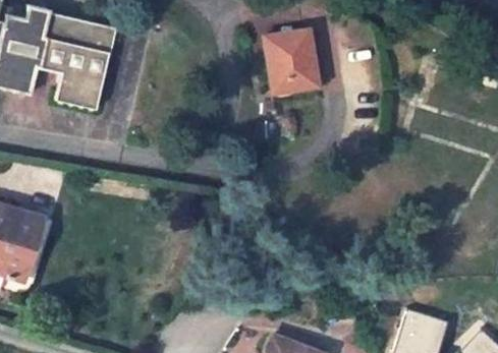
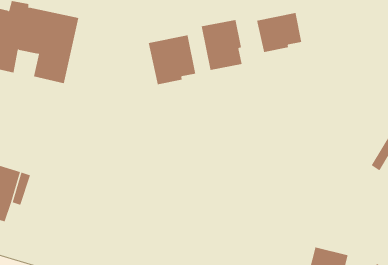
building: none -> [257,12,302,53]
building: none -> [148,34,196,85]

